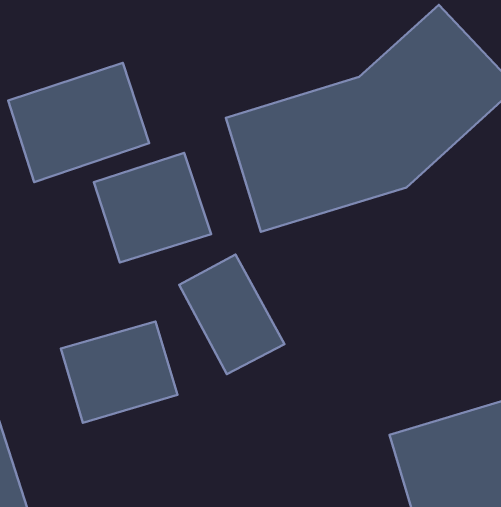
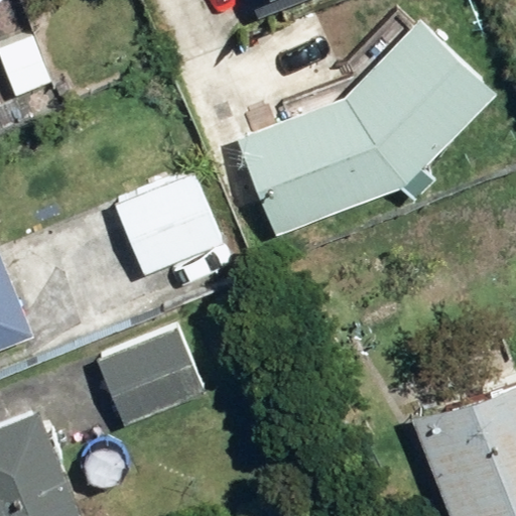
building: [8,63,149,182] -> none
building: [179,255,284,374] -> none

